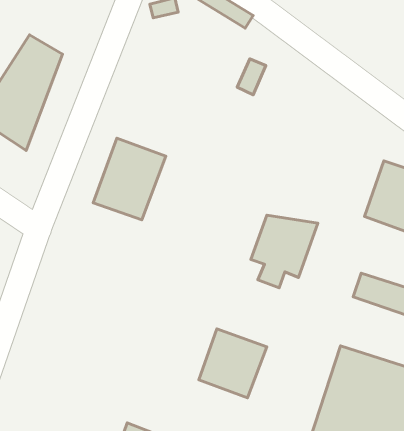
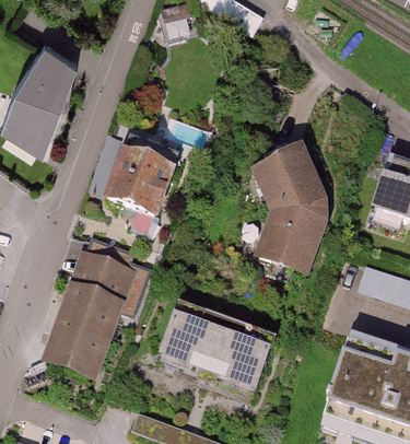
building: none -> [257,141,325,220]
building: none -> [50,257,148,374]
building: none -> [162,304,227,371]

